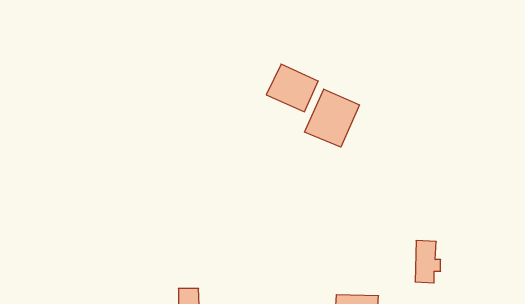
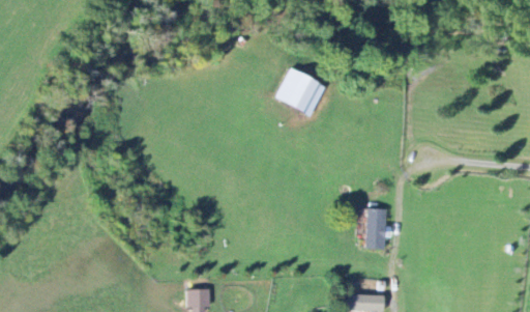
building: [304,89,359,147] -> none
building: [415,241,441,283] -> [365,207,390,249]

